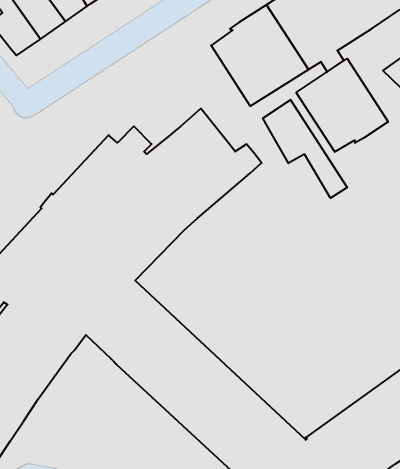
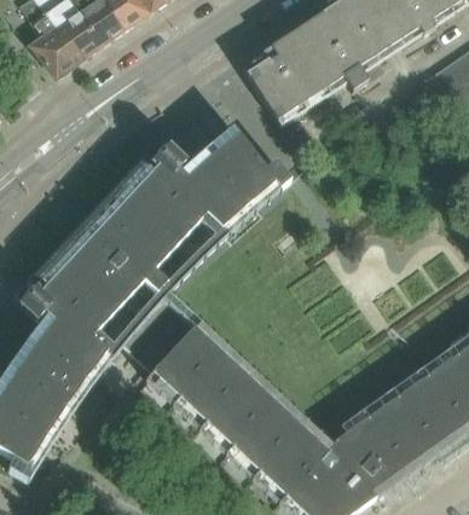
building: [296,59,388,152] -> none
building: [263,100,347,198] -> none

